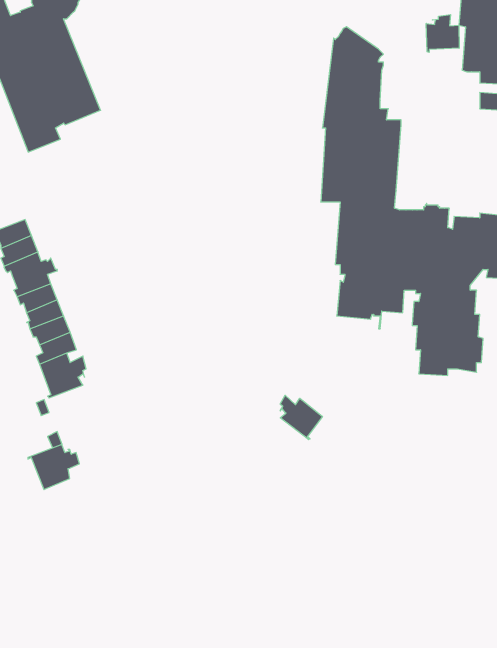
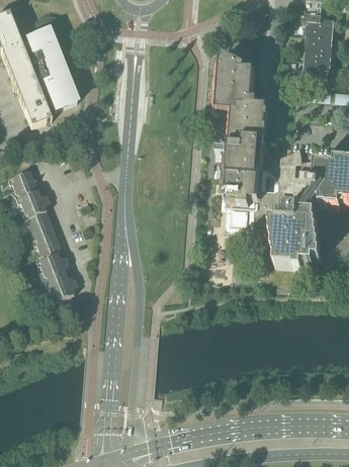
building: [426,15,459,52] -> none
building: [280,395,322,440] -> none
building: [28,445,79,490] -> [45,273,77,301]

